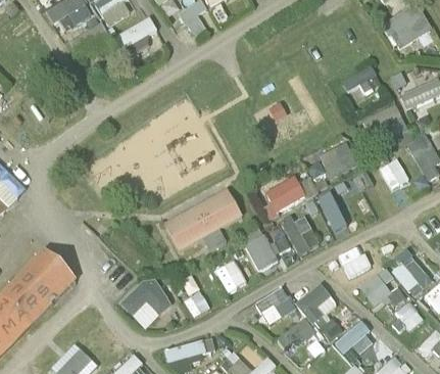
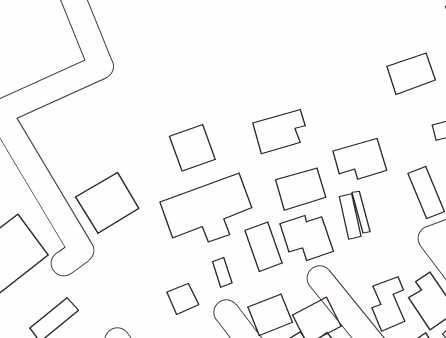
building: none -> [253,109,305,154]
building: none -> [169,124,215,171]
building: [118,276,174,330] -> [75,172,139,233]

